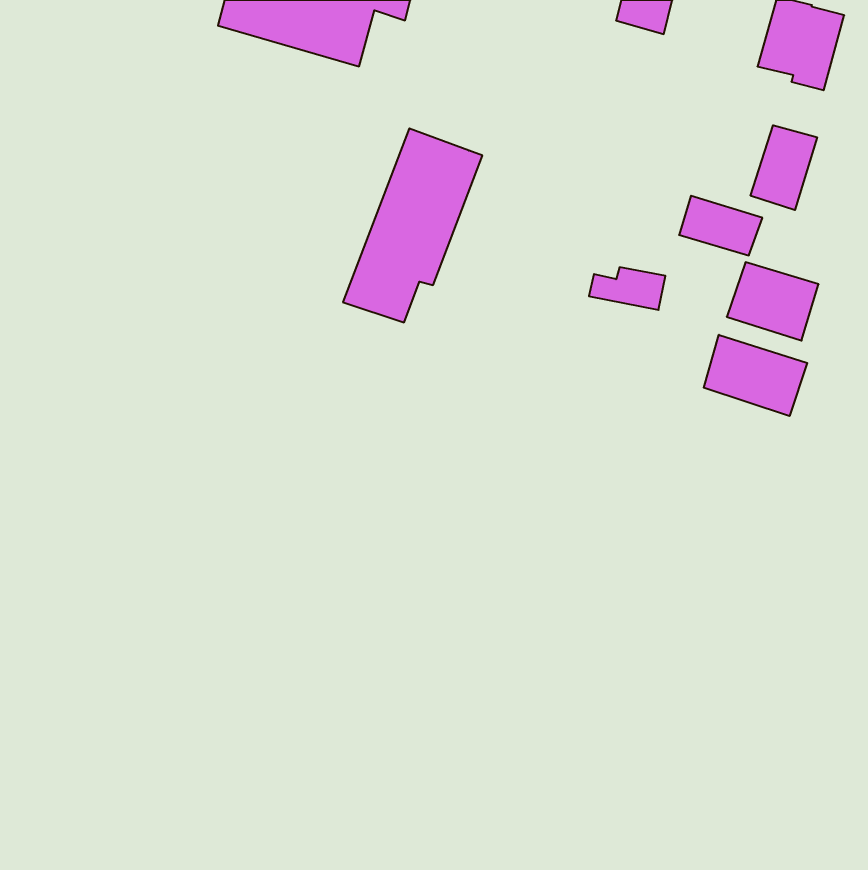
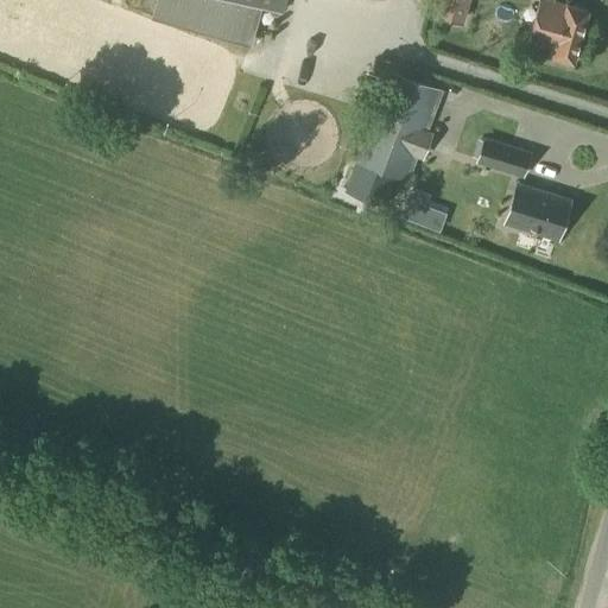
building: [751,125,817,210] -> none
building: [343,128,482,322] -> [346,71,443,207]
building: [704,335,807,416] -> none

